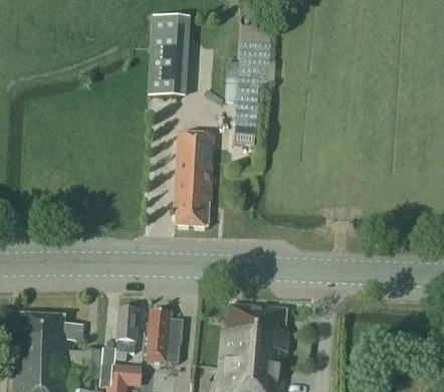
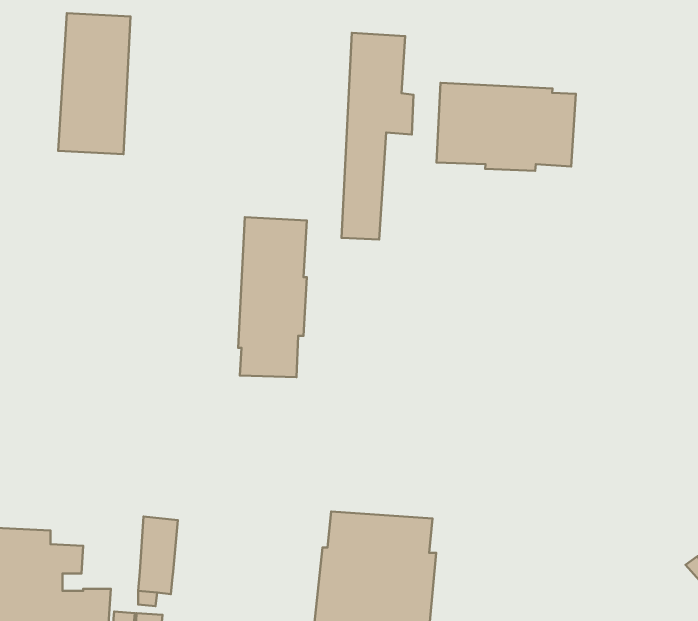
building: [148,14,190,96] -> [58,13,130,154]
building: none -> [437,83,576,171]
building: [142,309,182,362] -> none

